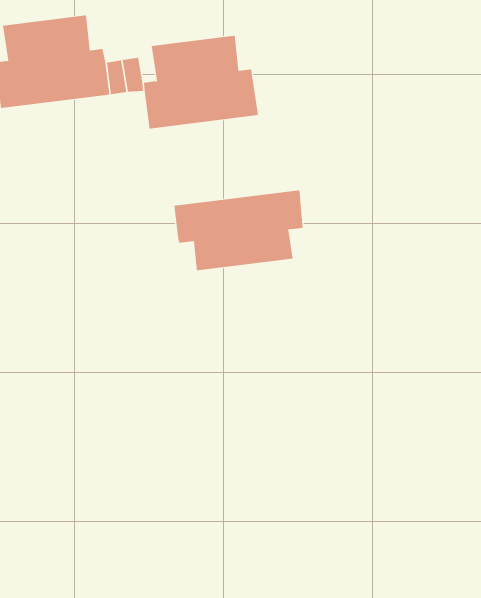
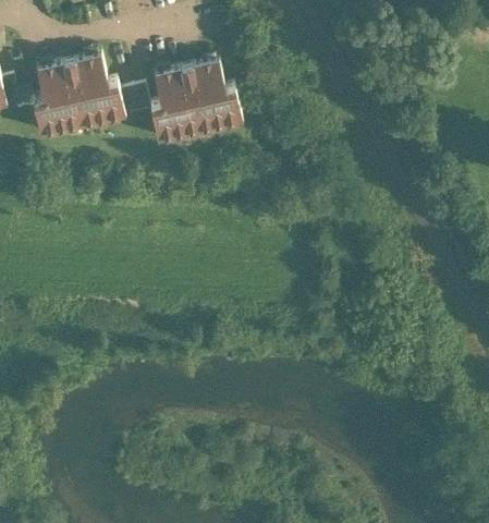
building: [174,190,303,271] -> none

